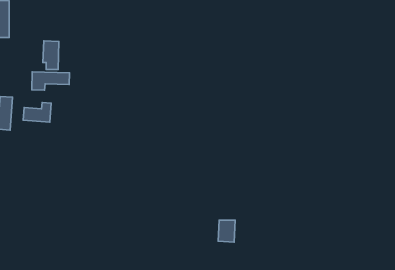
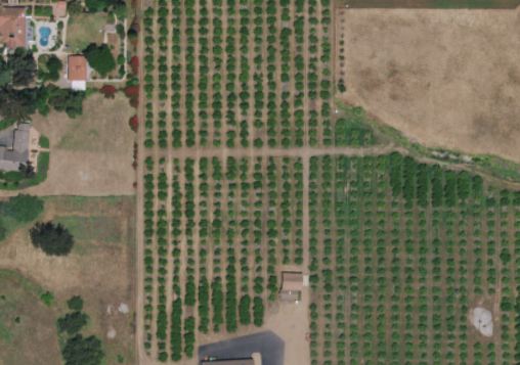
building: [32,72,70,90] -> none
building: [23,102,51,122] -> none

